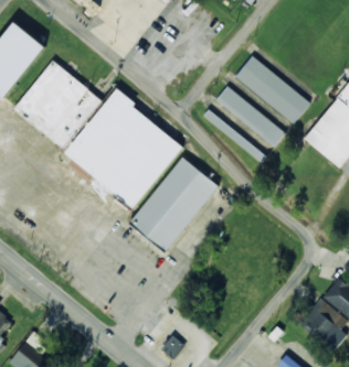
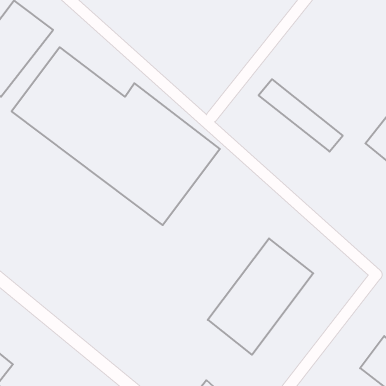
building: [234,55,310,123] -> none
building: [130,155,218,251] -> [208,238,313,355]

